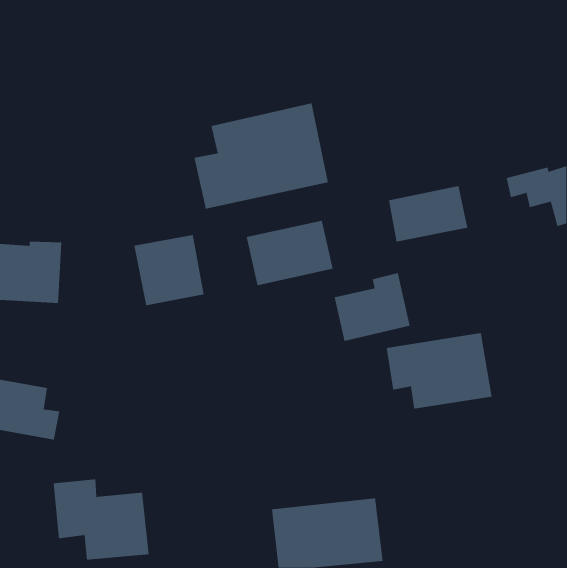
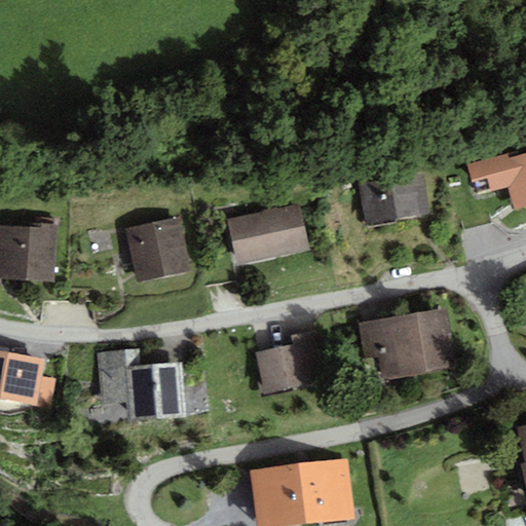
building: [194,103,328,209] -> none
building: [334,273,411,342] -> [255,330,326,393]
building: [53,479,149,560] -> [98,349,187,424]

